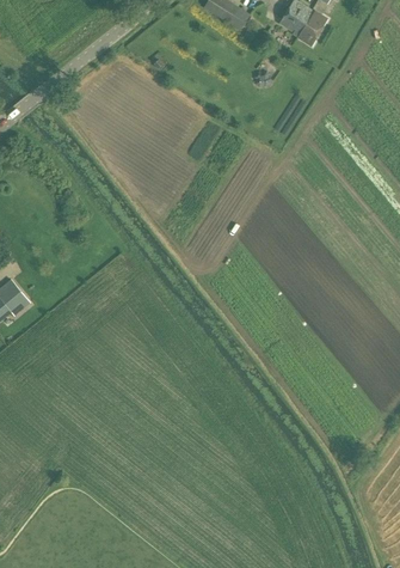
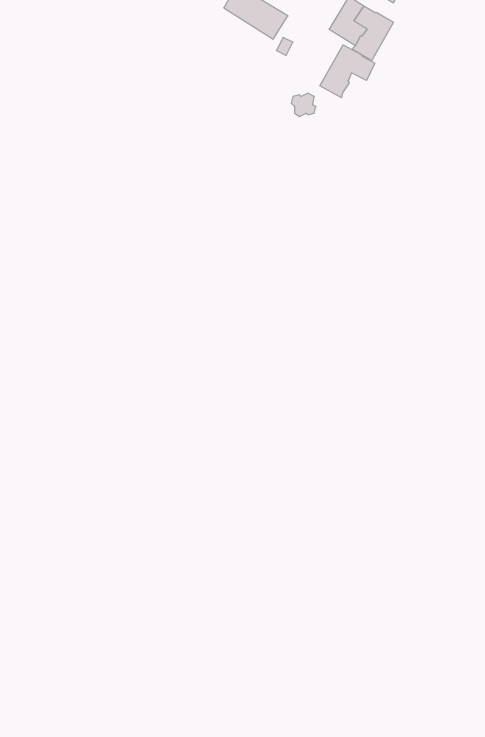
building: none -> [320,45,375,98]

